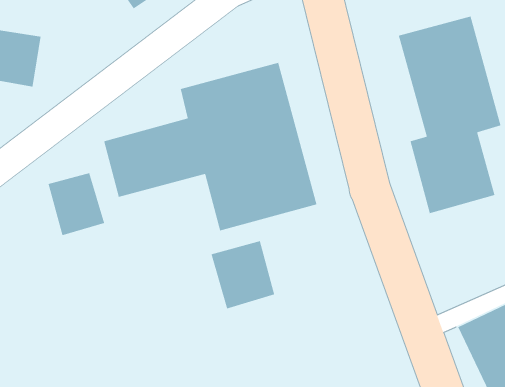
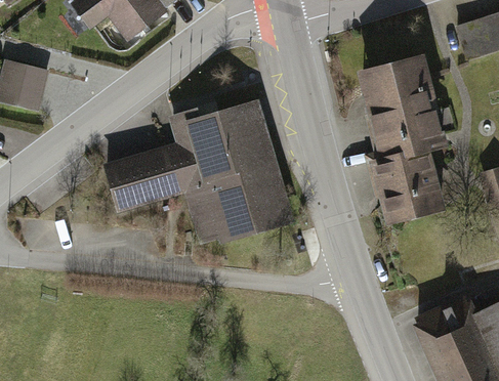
building: [48,172,105,236] -> none
building: [210,240,275,310] -> none

